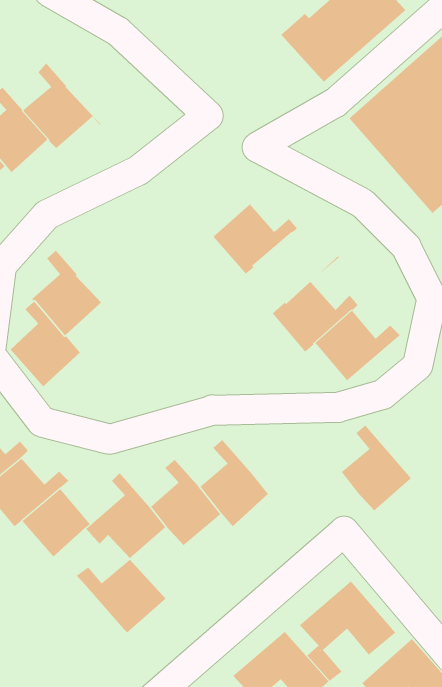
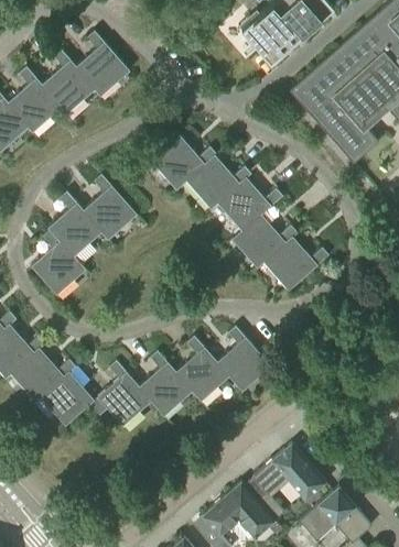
building: none -> [75,31,129,96]
building: none -> [151,136,216,190]
building: none -> [83,174,138,240]
building: none -> [217,178,282,232]
building: [341,425,412,511] -> [217,326,271,392]
building: [76,559,166,633] -> none

